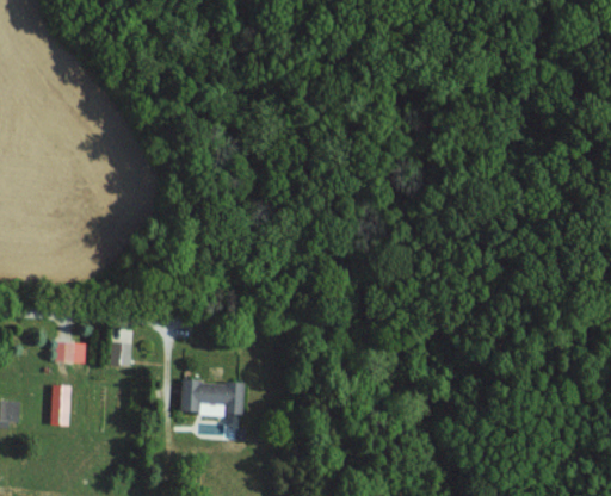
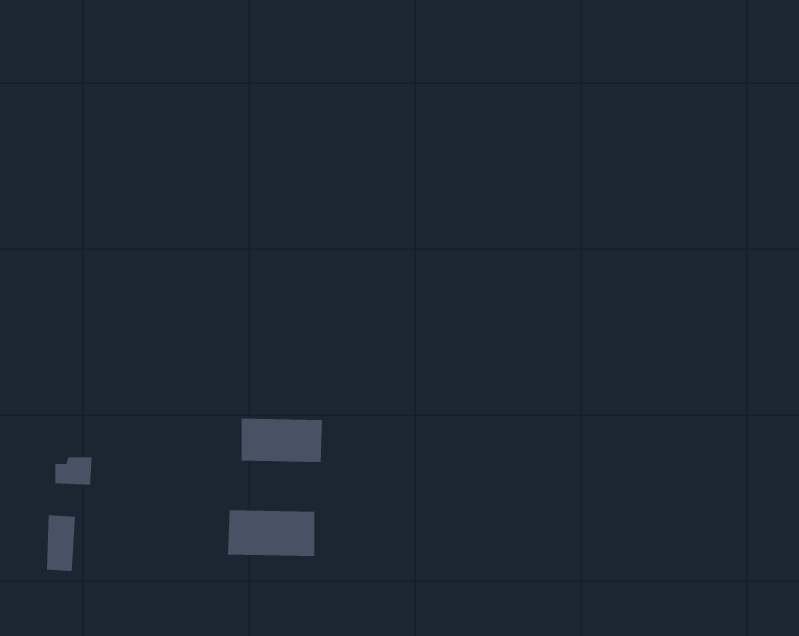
building: none -> [241,418,323,463]
building: [106,341,131,365] -> none

